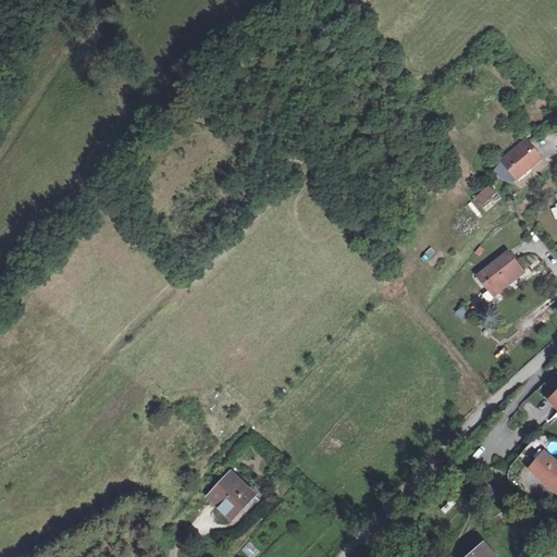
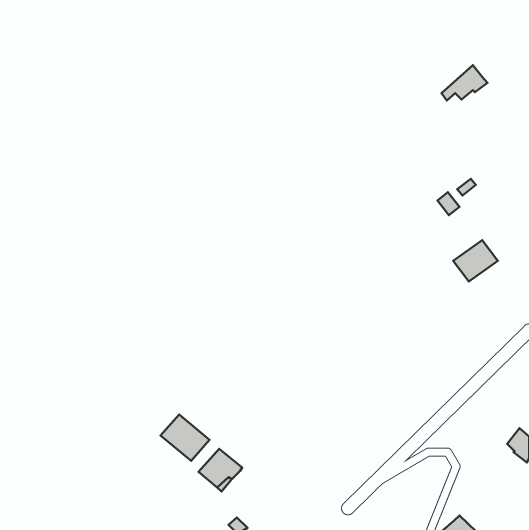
building: [497,143,545,180] -> [442,65,487,101]
building: none -> [161,414,210,461]

